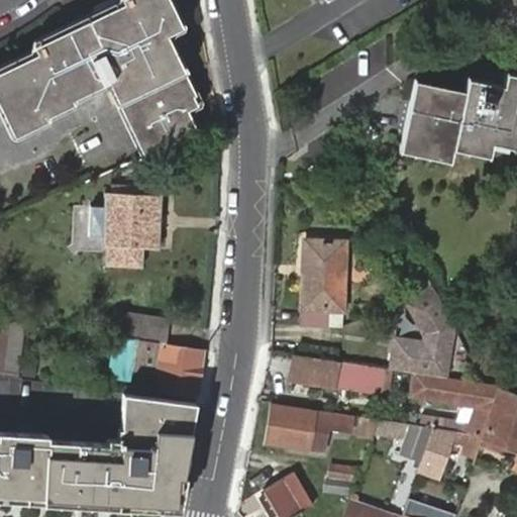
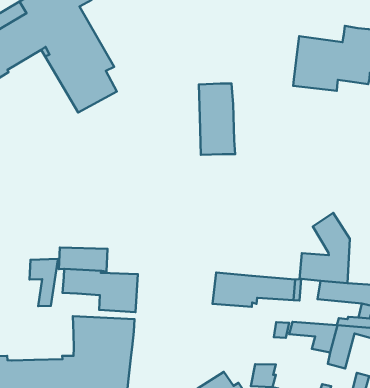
building: [90,193,161,269] -> none
building: [302,241,344,326] -> [199,84,235,155]
building: none -> [30,259,58,306]
building: [267,405,352,451] -> none

